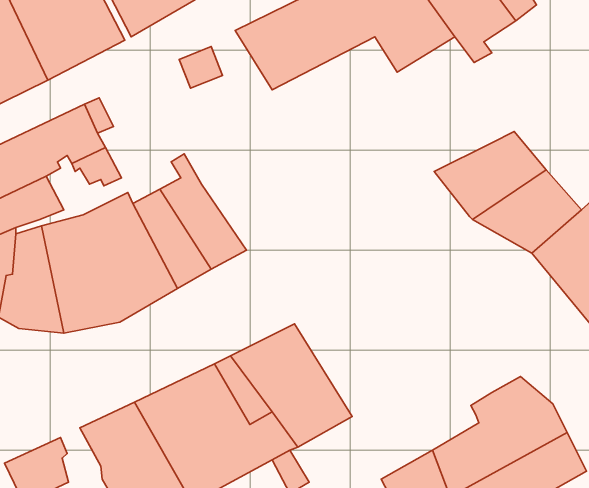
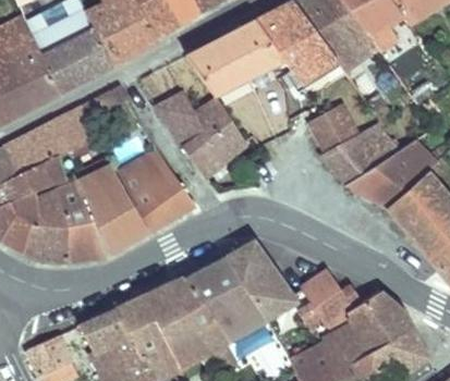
building: none -> [158,95,245,177]
building: none -> [308,102,361,152]
building: none -> [227,242,295,319]
building: none -> [300,271,357,325]

